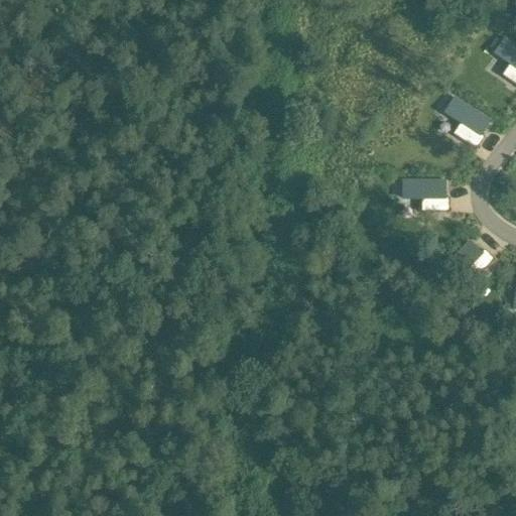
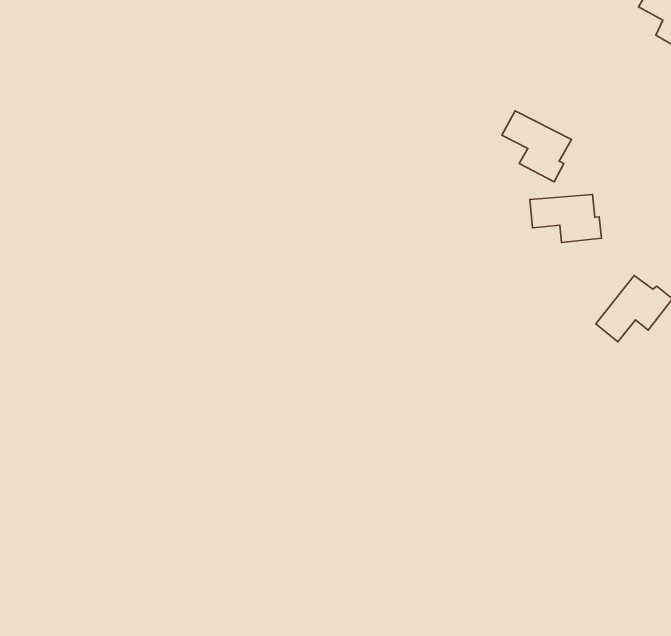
building: [442,94,491,146] -> [502,111,572,182]

